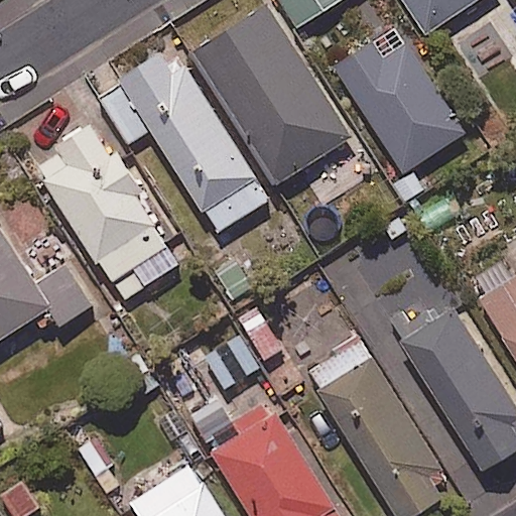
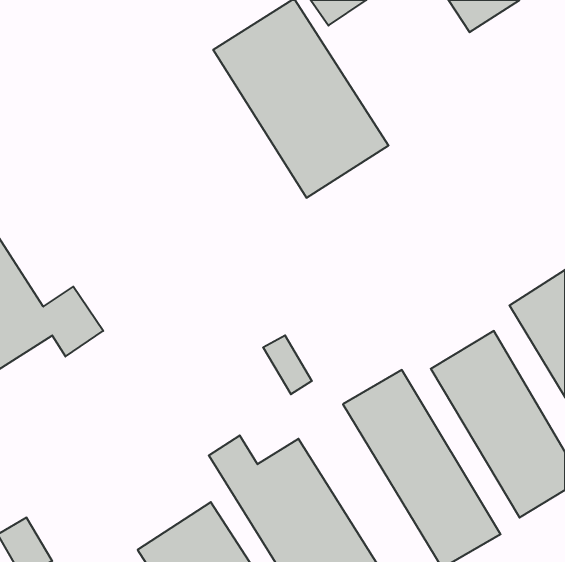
building: [335,43,466,175] -> none
building: [100,45,264,234] -> none
building: [37,118,180,303] -> none

